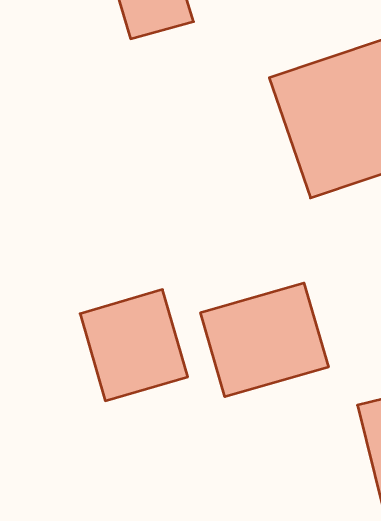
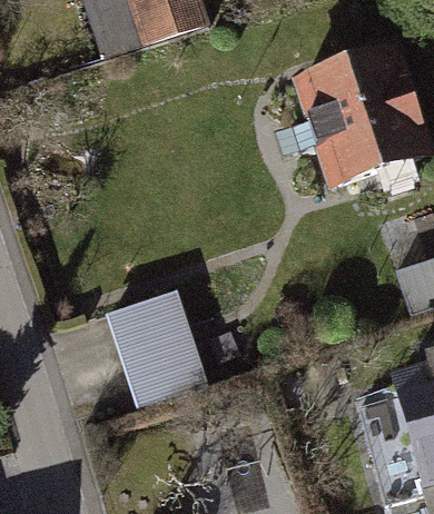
building: [201,283,328,397] -> none

